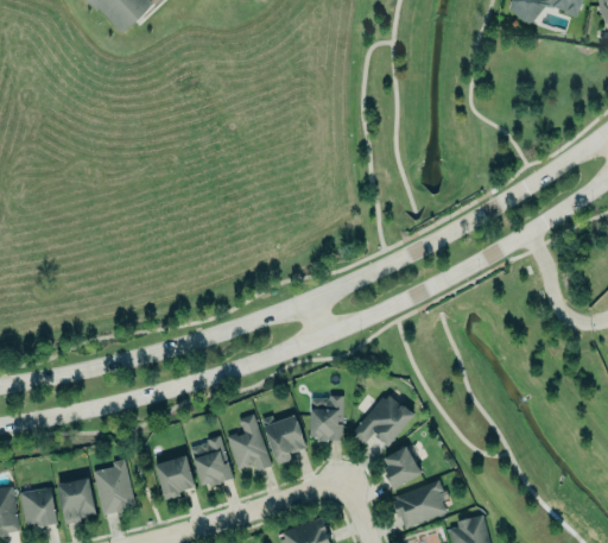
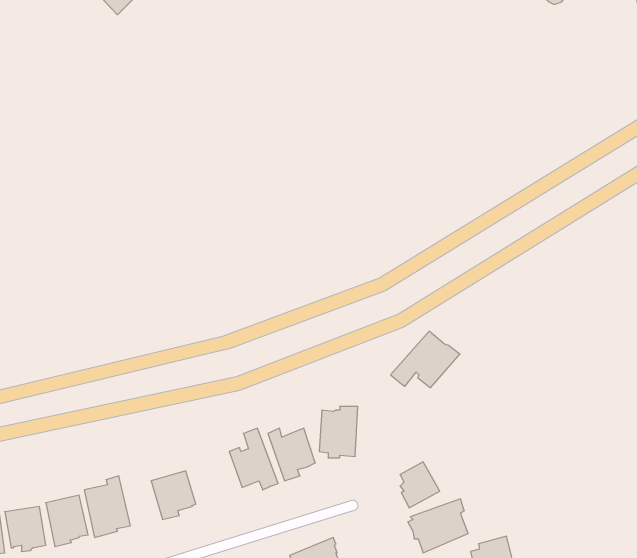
building: [352,393,416,446] -> [391,331,460,388]
building: [190,435,234,487] -> none

